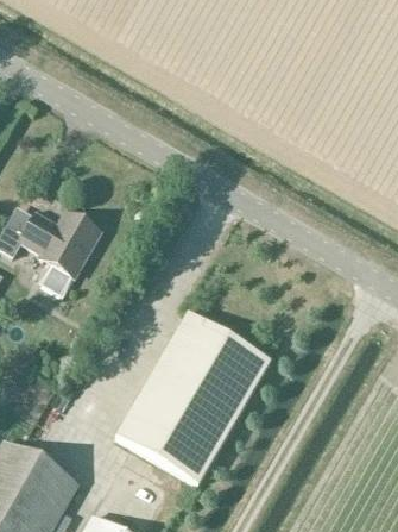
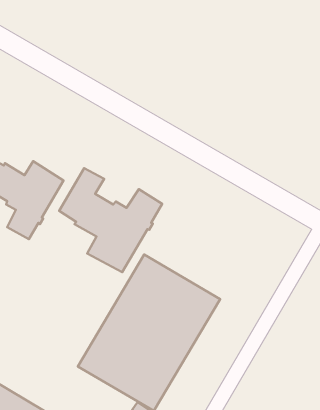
building: none -> [59,168,162,272]

